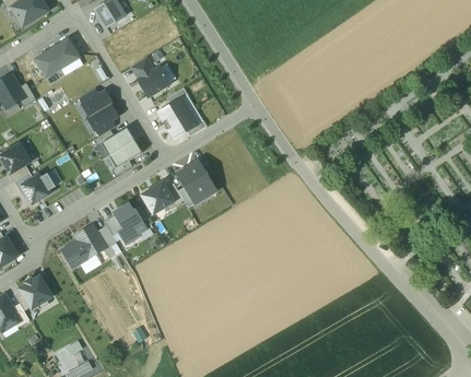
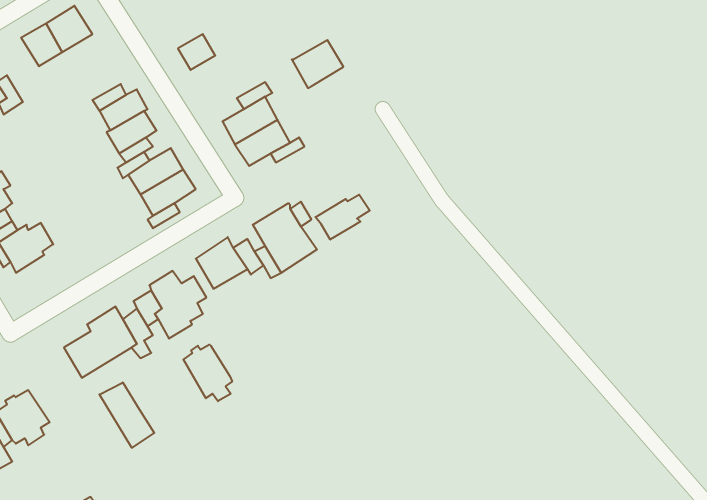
building: [138,67,169,96] -> [292,40,343,88]
building: none -> [315,195,370,240]
building: none -> [183,345,232,401]
building: none -> [99,382,154,448]

